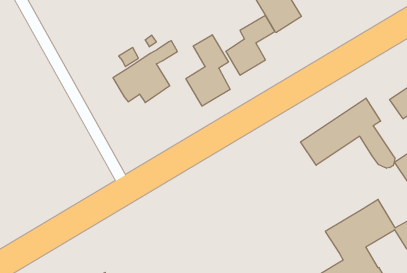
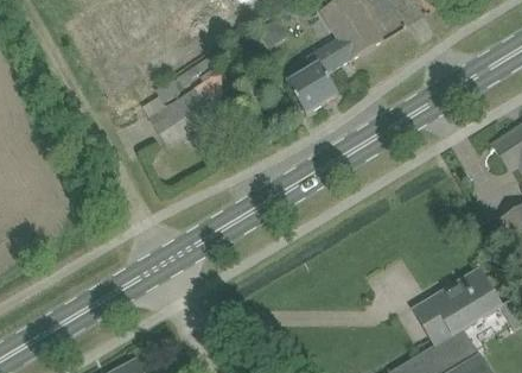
building: [186,35,230,106] -> none
building: [301,98,395,168] -> none

